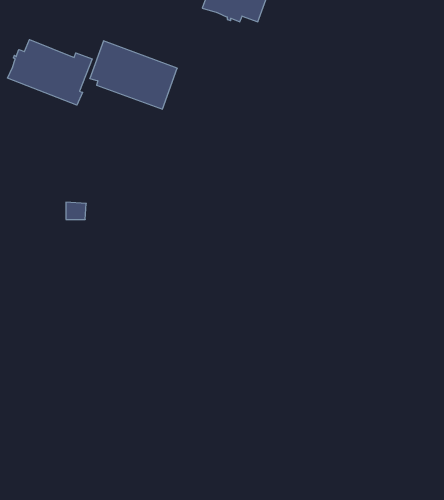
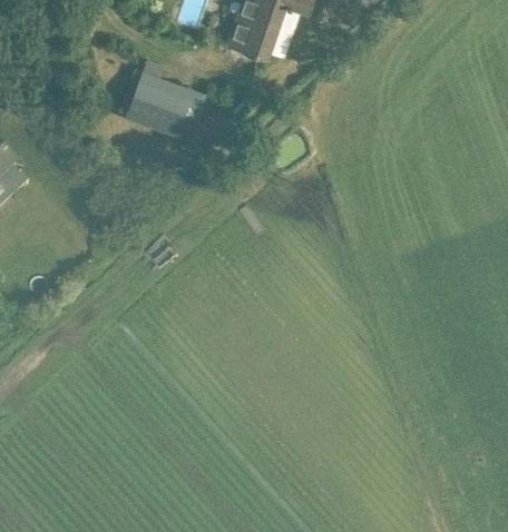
building: [7,40,92,105] -> none

